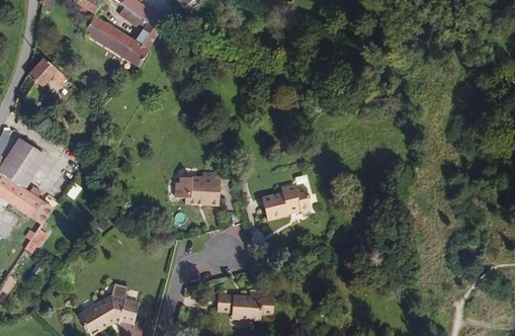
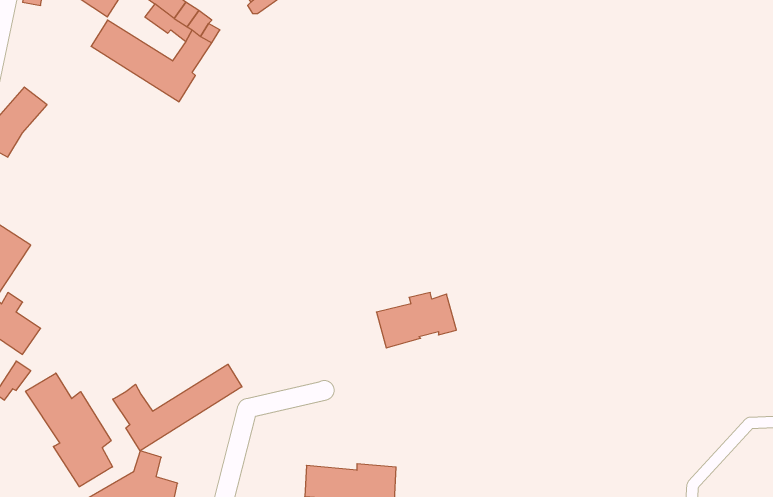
building: [175,172,221,205] -> none
building: none -> [113,364,242,451]
building: none -> [26,373,113,487]

